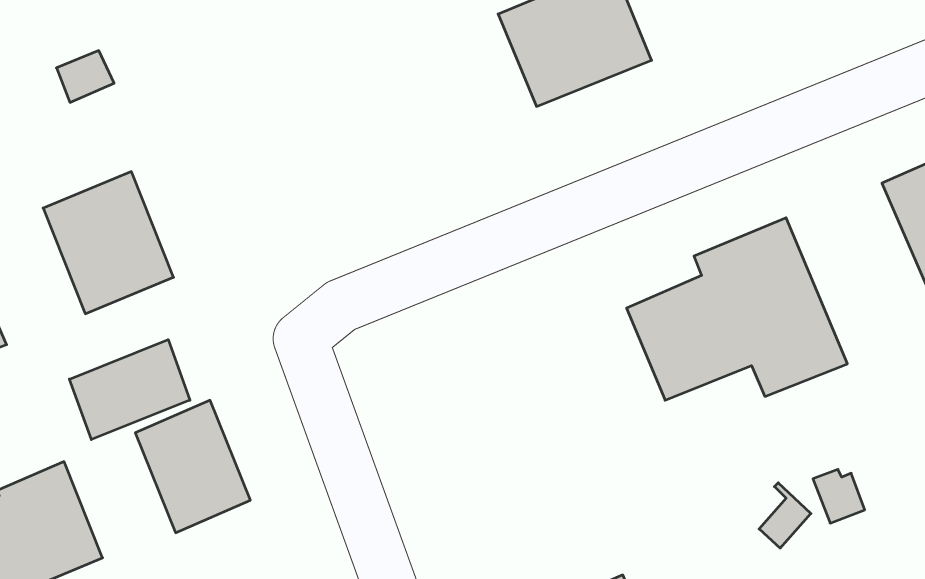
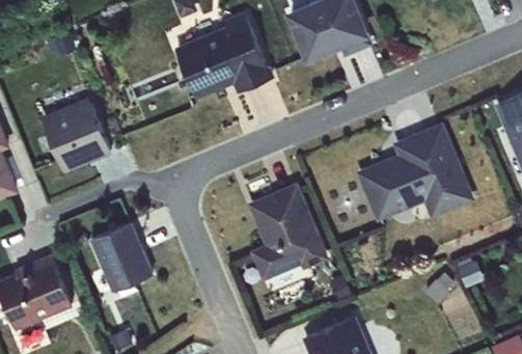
building: none -> [174,13,274,100]
building: none -> [247,183,329,280]
building: [69,340,190,440] -> none

